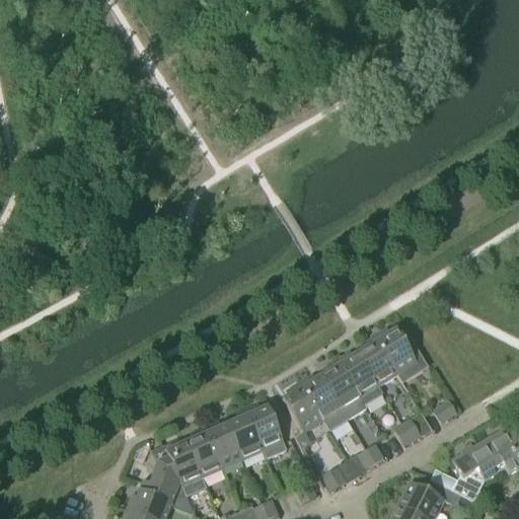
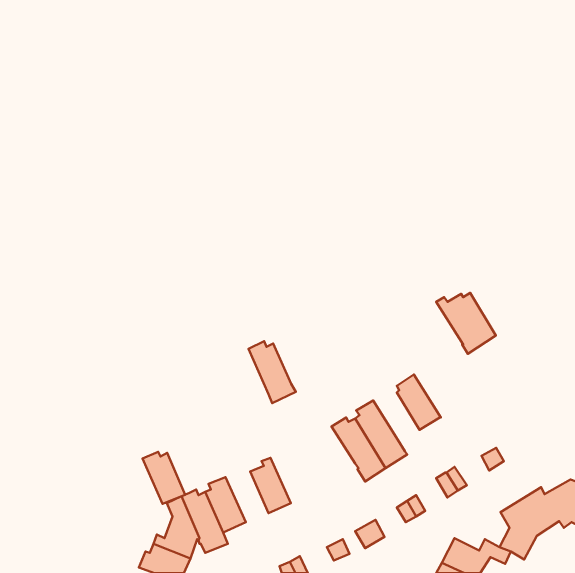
building: [373,328,427,383] -> [436,293,496,354]
building: [337,352,382,405] -> none
building: [282,383,323,434] -> none
building: [244,404,287,460] -> [248,341,296,403]
building: [204,423,242,469] -> [142,452,185,504]

